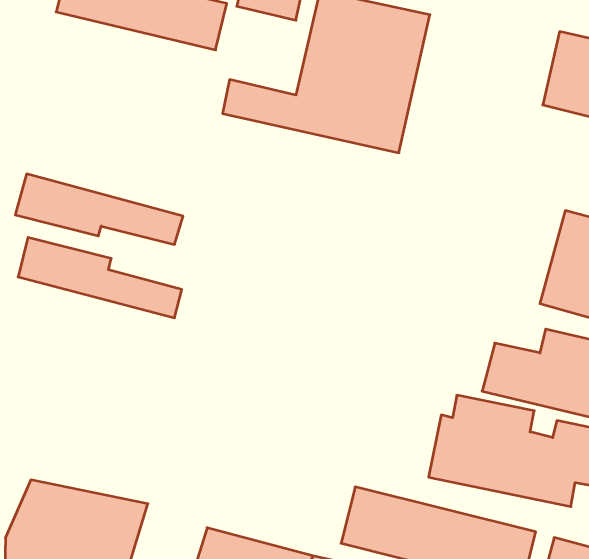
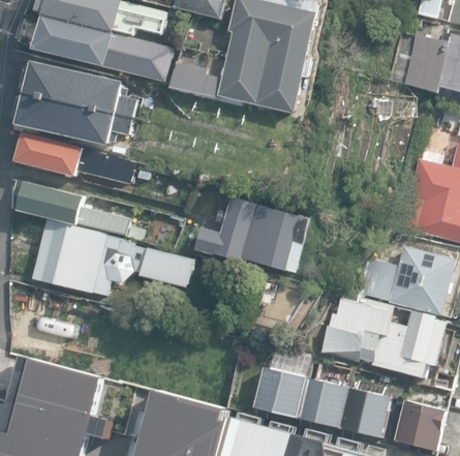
building: none -> [31,17,167,81]
building: none -> [10,57,137,146]
building: none -> [190,195,309,280]
building: none -> [28,220,190,302]

